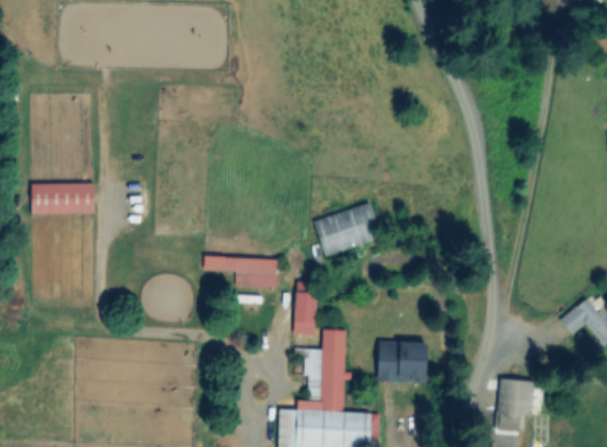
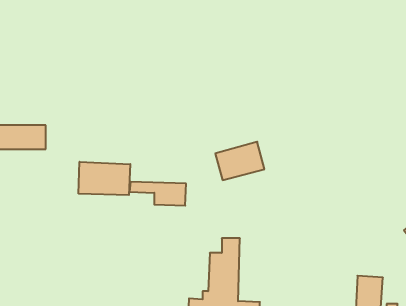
building: none -> [79,162,130,195]
building: [294,282,319,337] -> none
building: [378,343,429,383] -> none

